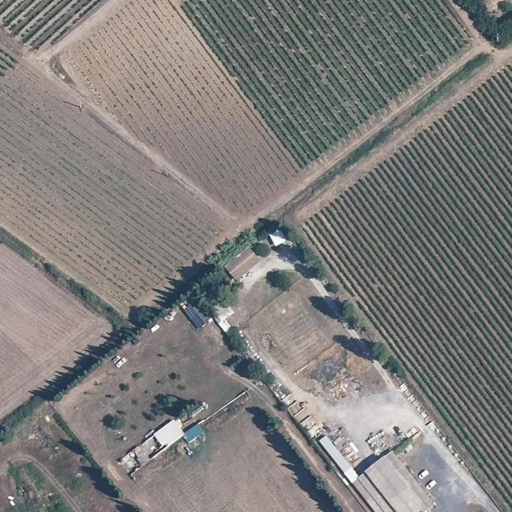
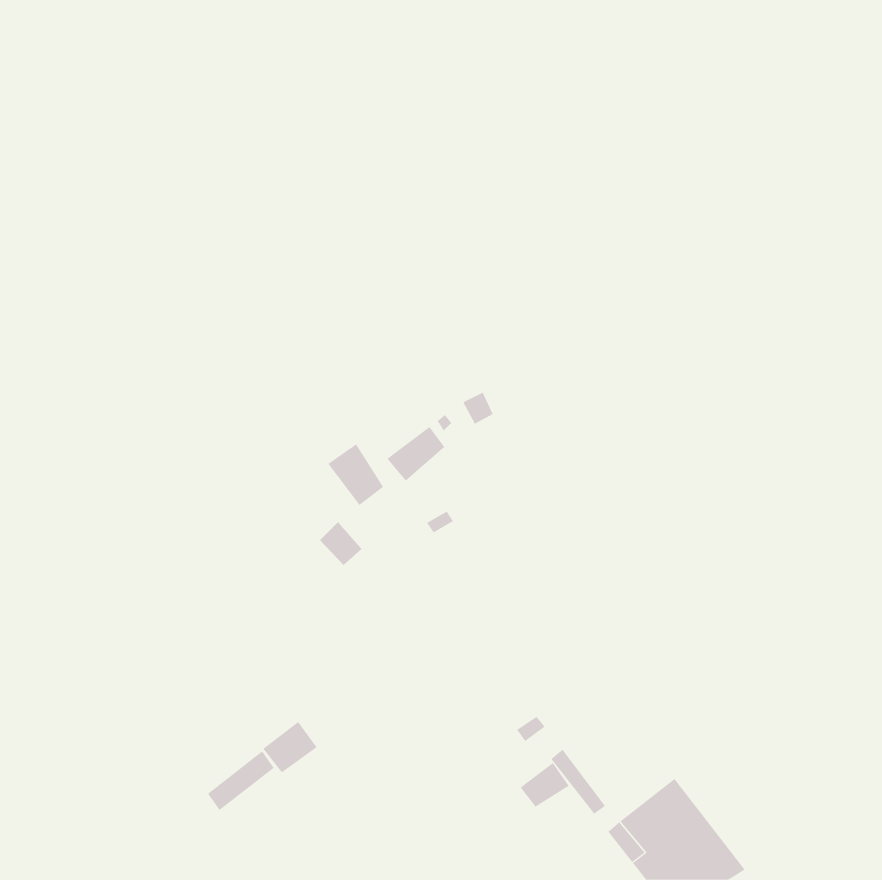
building: none -> [327,444,384,506]
building: none -> [520,762,570,808]

